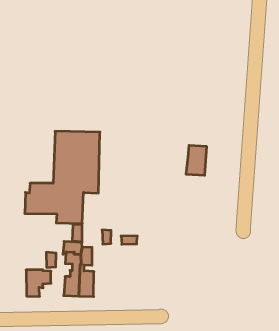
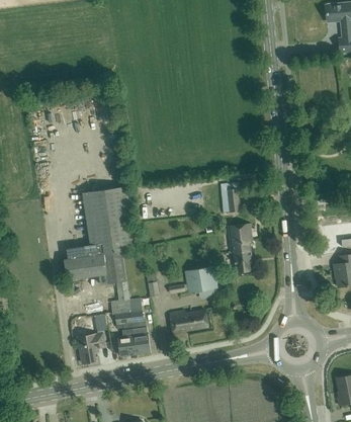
building: none -> [229,224,253,271]
building: none -> [185,266,217,293]
building: none -> [170,310,208,335]

